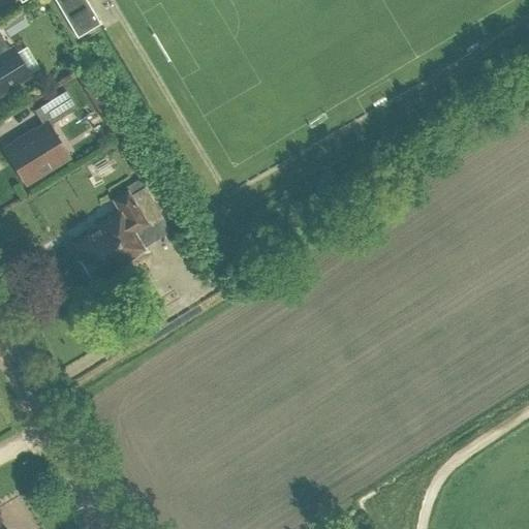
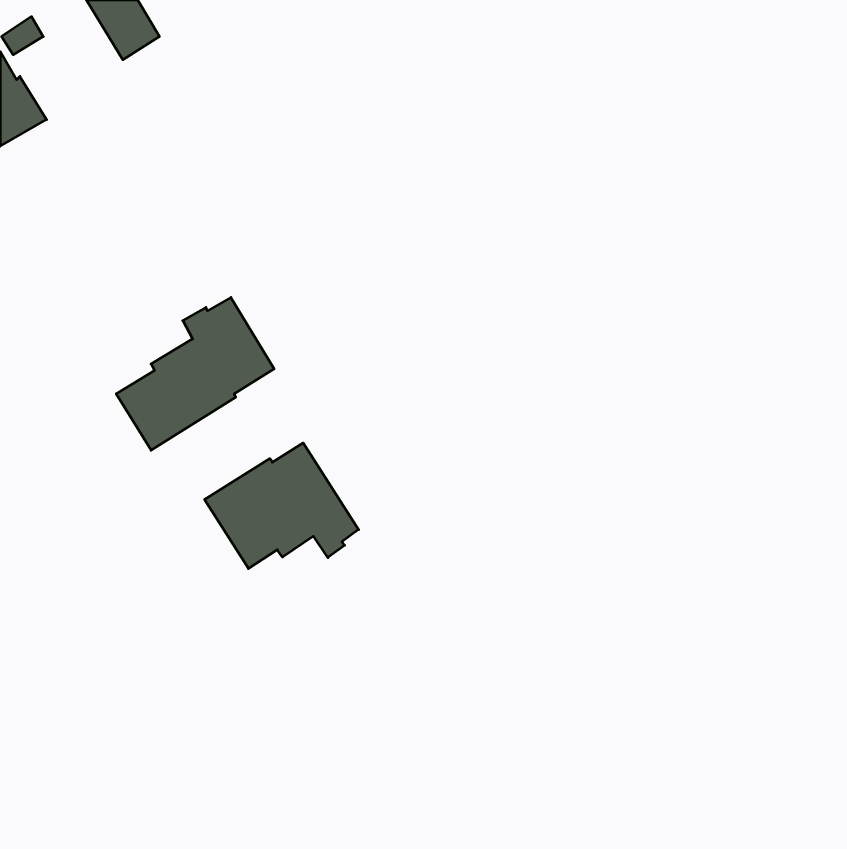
building: [6,91,76,182] -> none
building: none -> [205,443,359,569]

